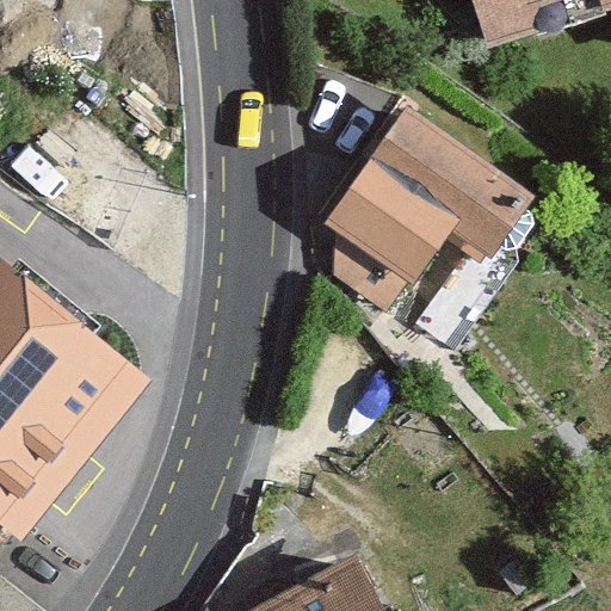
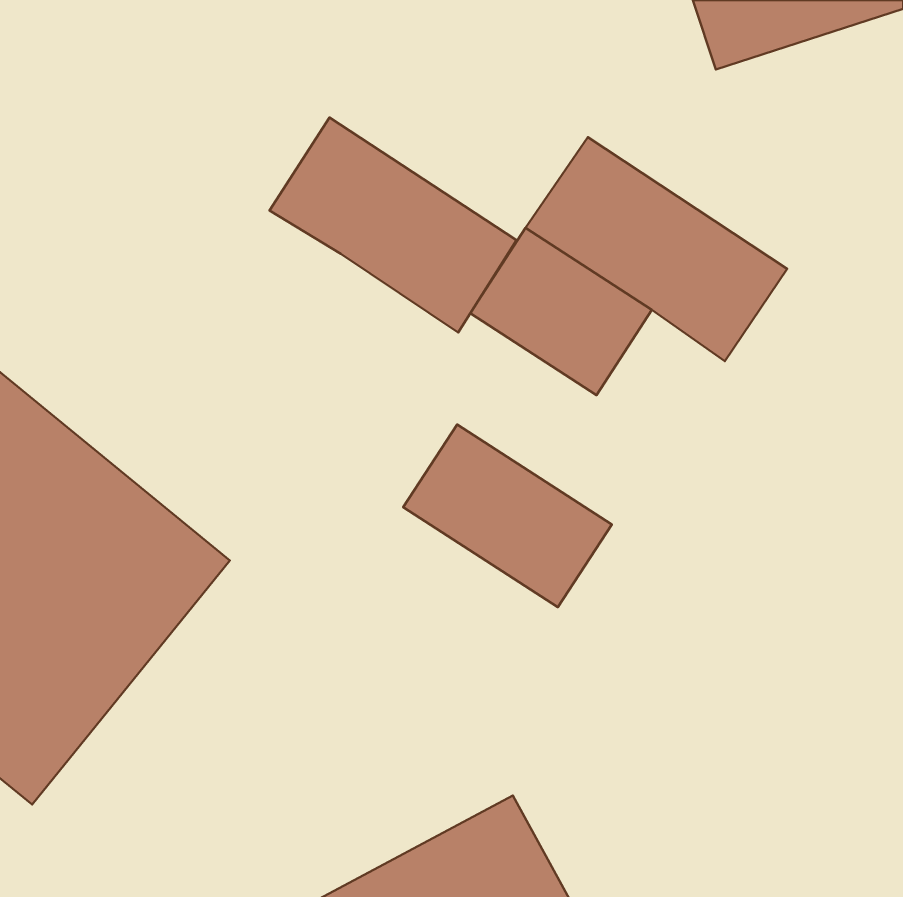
building: none -> [269,118,516,332]
building: none -> [403,424,612,607]

